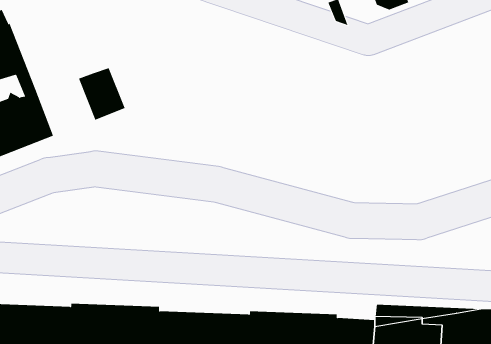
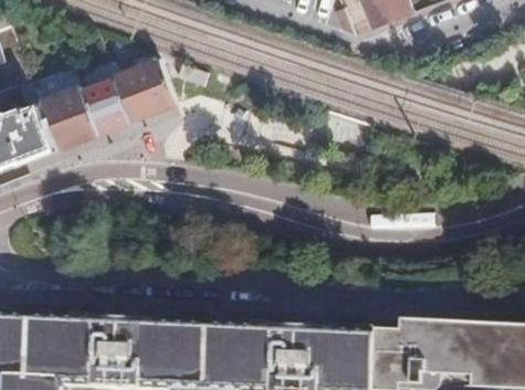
building: none -> [109,57,171,122]
building: none -> [38,87,96,149]

